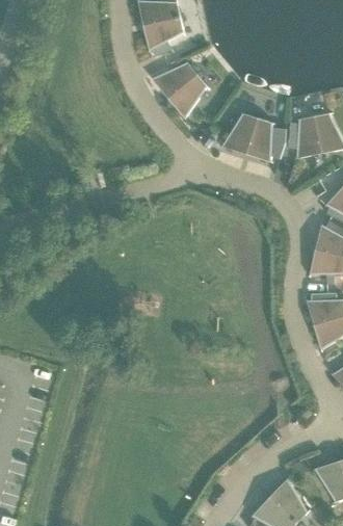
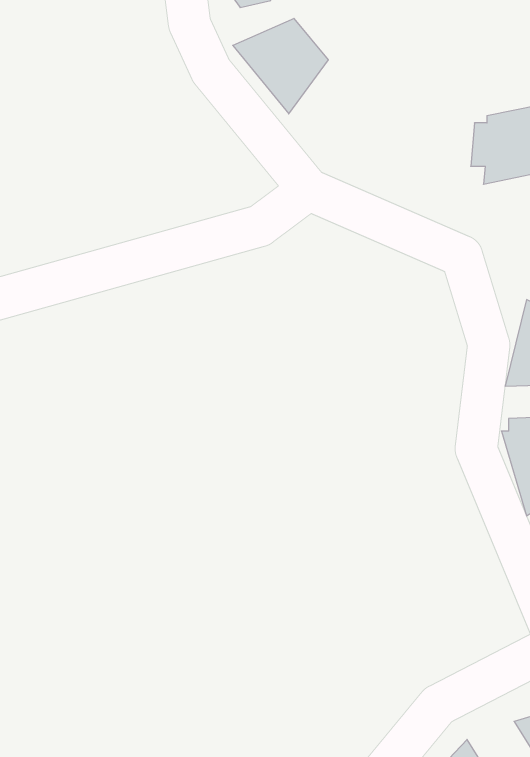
building: [221,113,272,161] -> none

